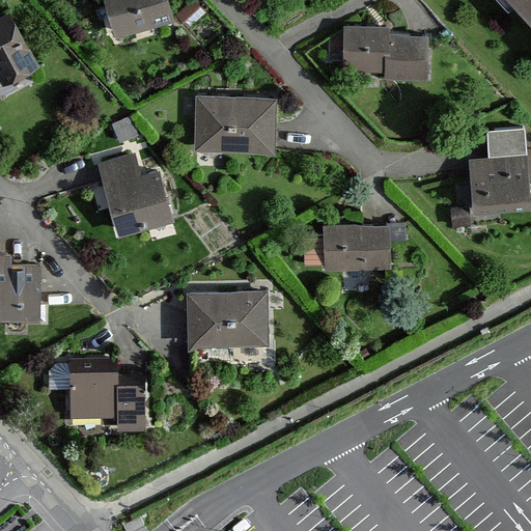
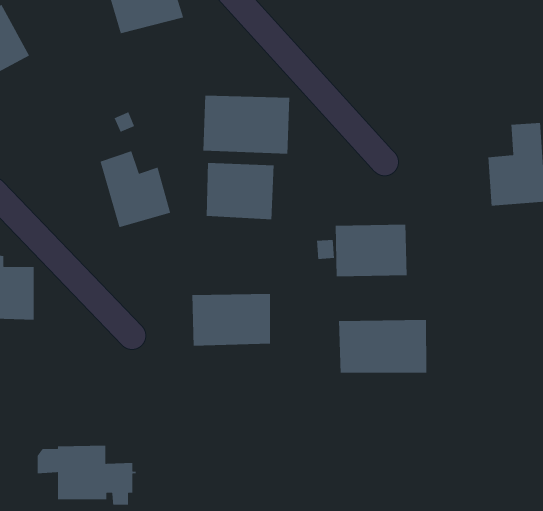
building: [342,27,424,75] -> none
building: none -> [206,162,275,220]
building: none -> [338,319,427,373]
building: [48,359,143,417] -> [37,445,136,505]

